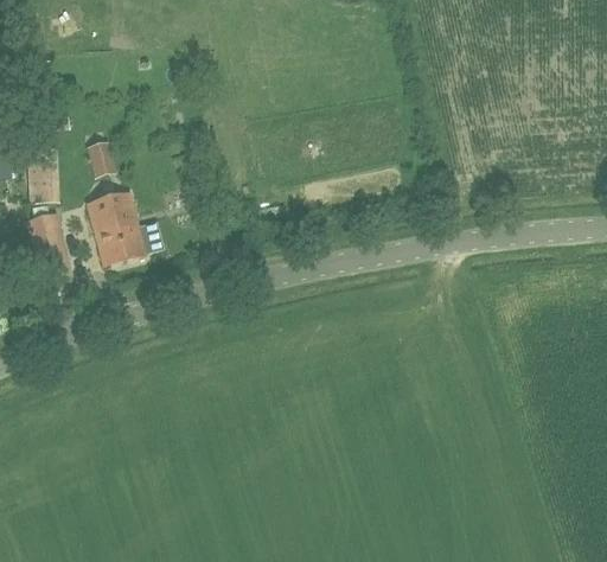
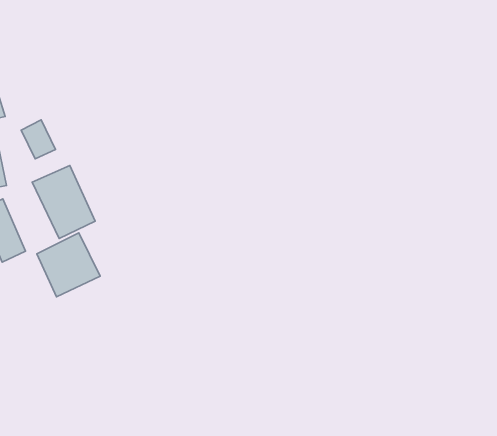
building: none -> [37,233,100,297]

